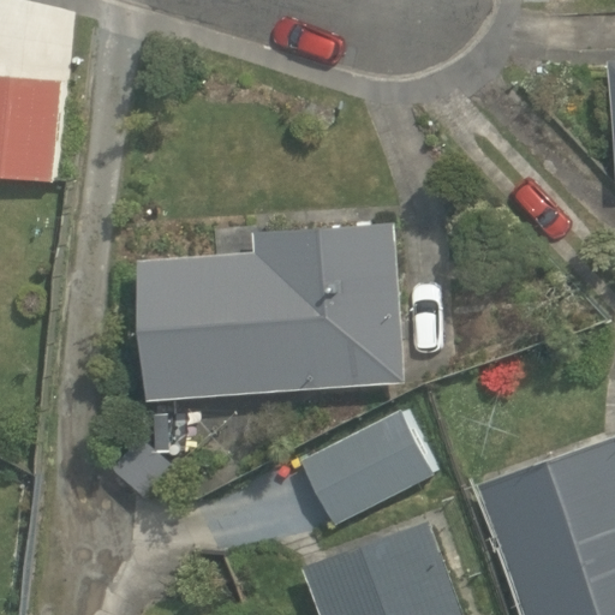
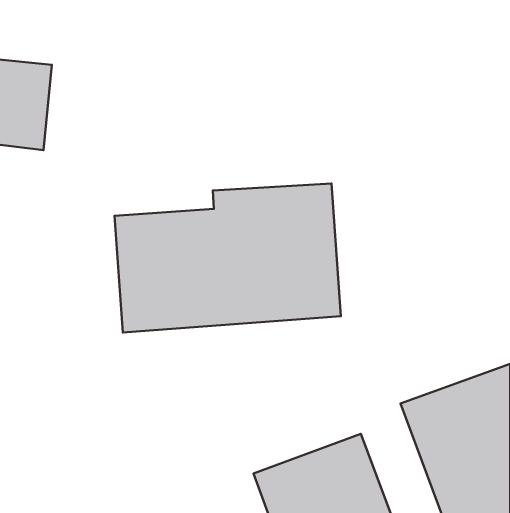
building: [299,411,431,527] -> none

